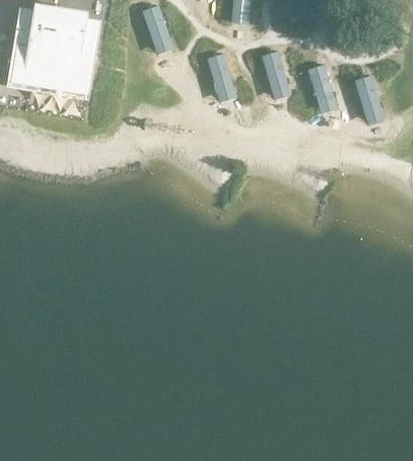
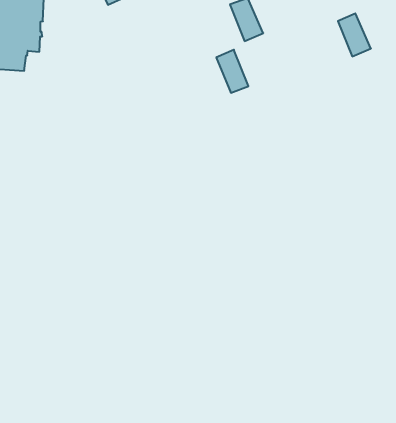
building: [208,54,233,91] -> [216,50,248,93]
building: [308,65,334,102] -> none

